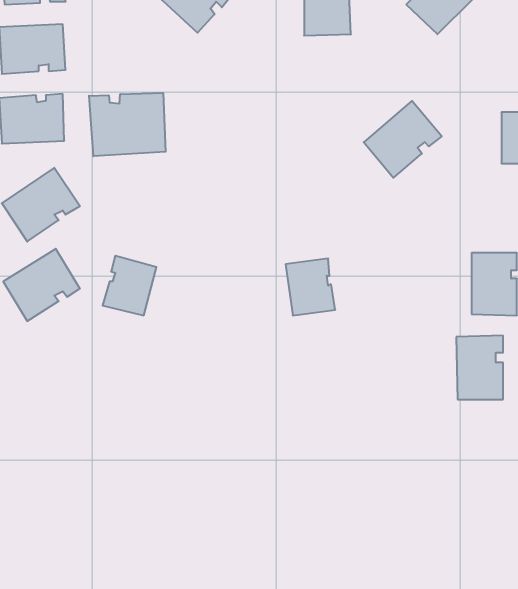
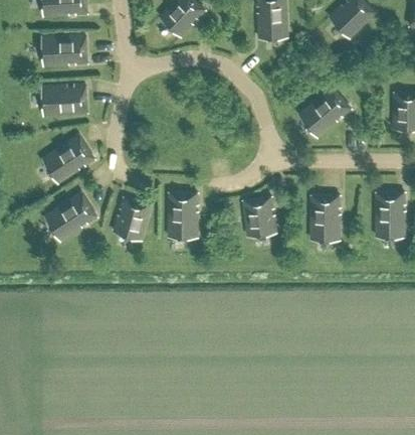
building: [89,93,166,156] -> none
building: none -> [167,194,200,240]
building: [456,336,503,399] -> [309,196,343,242]

